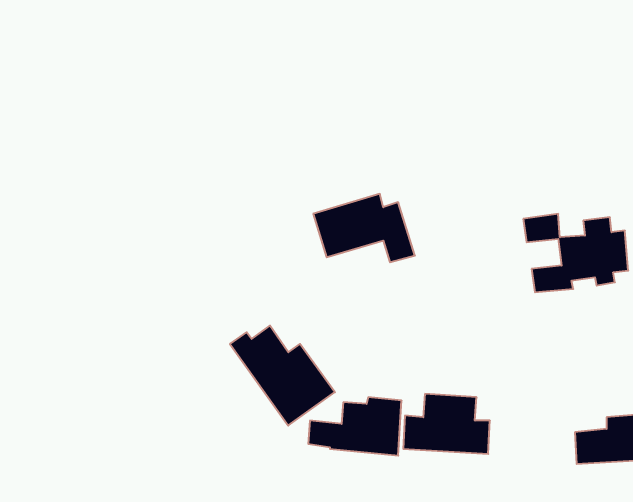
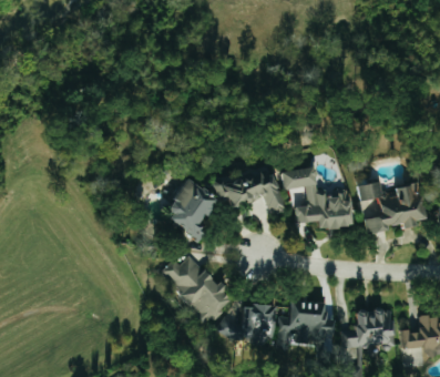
building: none -> [283,169,354,230]
building: none -> [166,181,219,241]
building: none -> [346,308,388,347]

